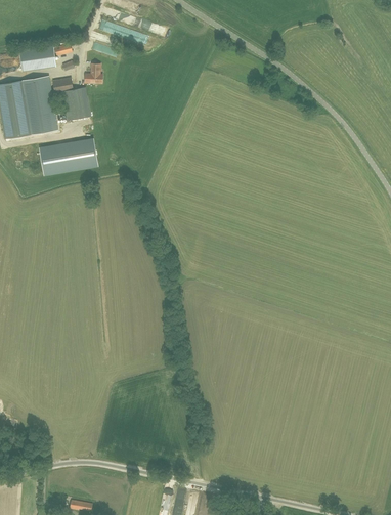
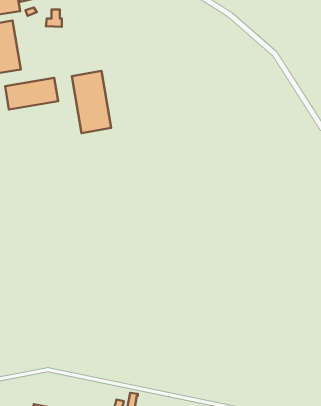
building: [52,78,89,120] -> none
building: none -> [72,71,111,133]

